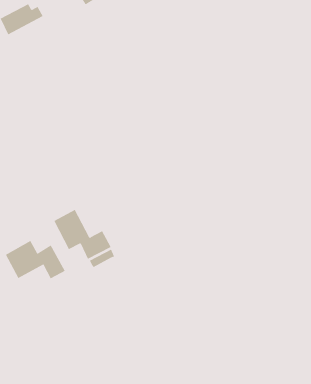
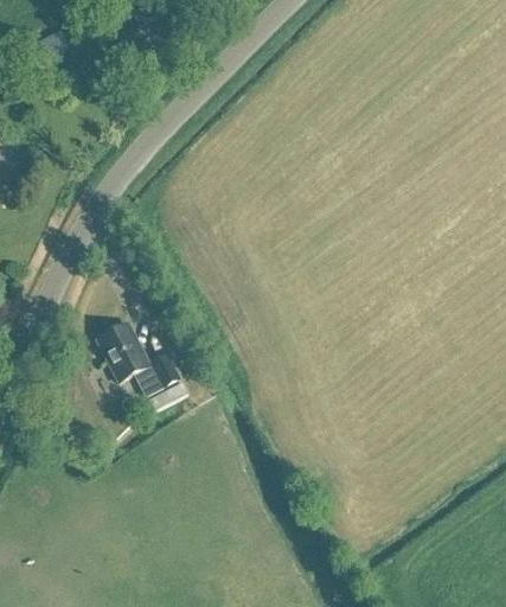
building: [5,240,66,279] -> none

